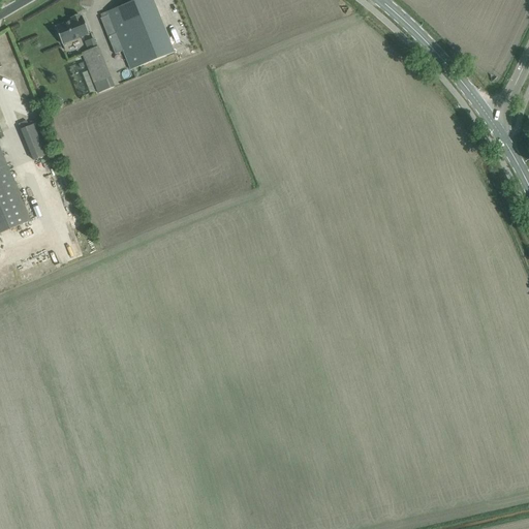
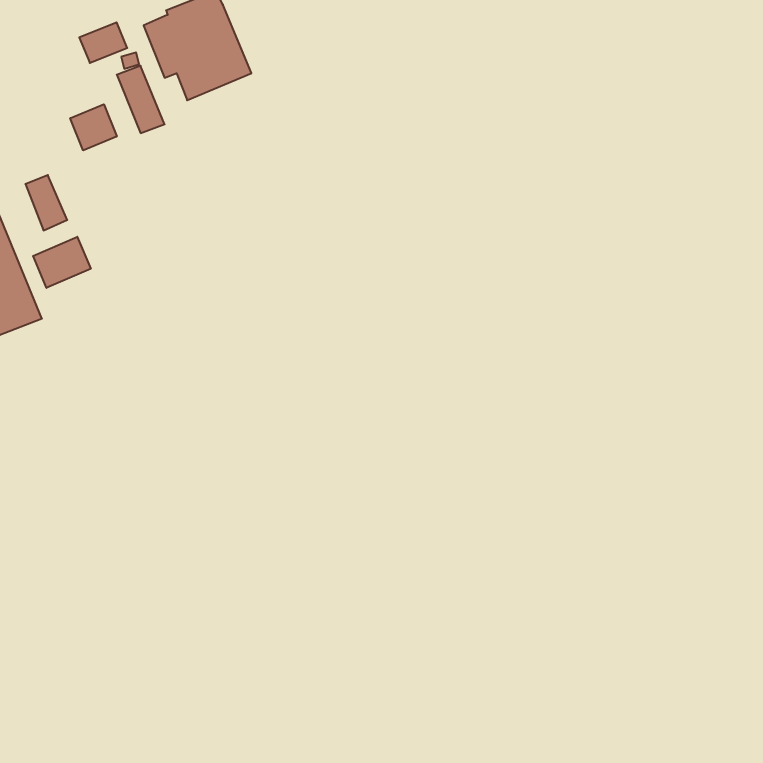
building: none -> [70,104,117,150]
building: none -> [33,237,91,288]

